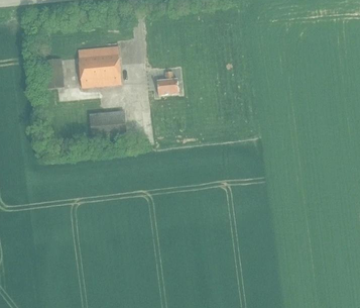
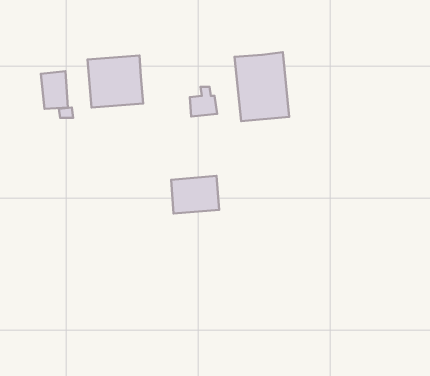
building: none -> [235,52,289,121]
building: [91,111,128,140] -> [171,176,219,214]

